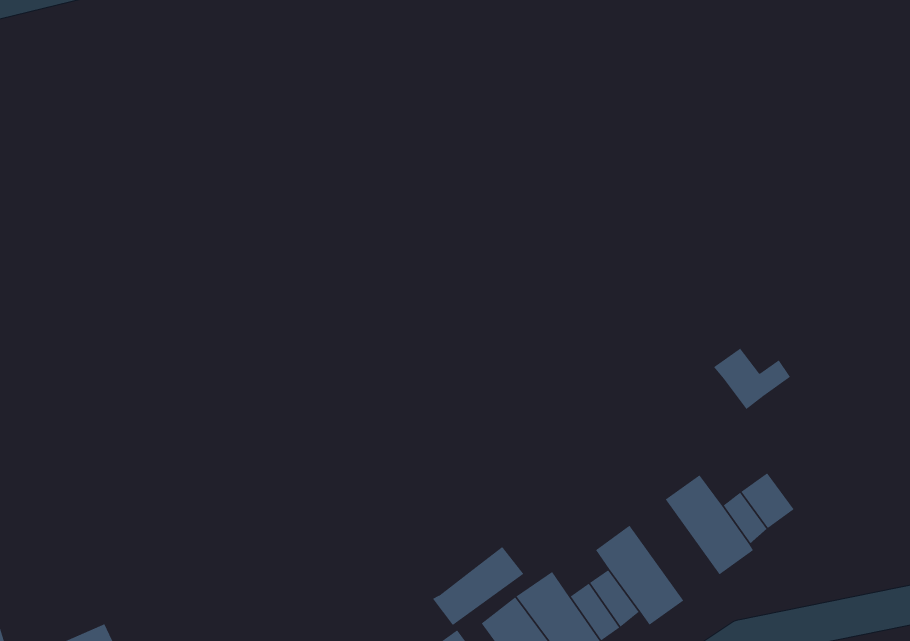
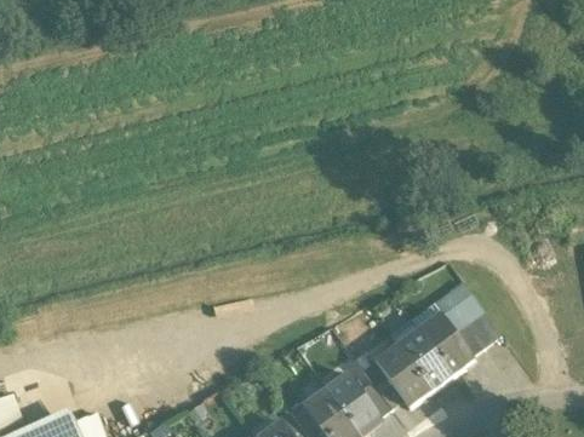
building: [713,348,791,410] -> [433,294,481,333]
building: none -> [395,329,451,392]
building: [432,546,524,626] -> none

